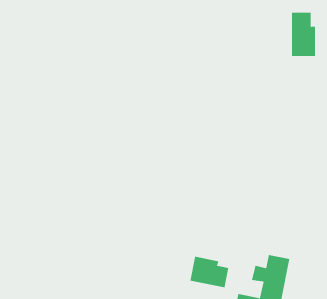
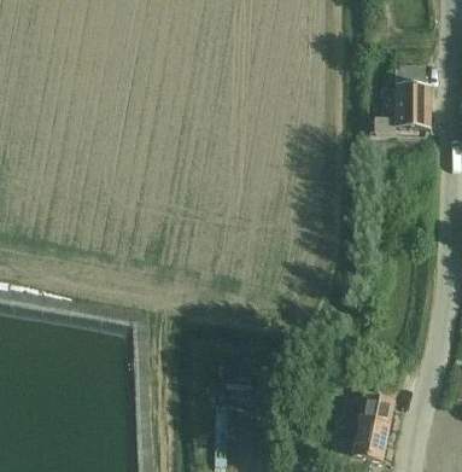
building: [190,256,229,288] -> none

